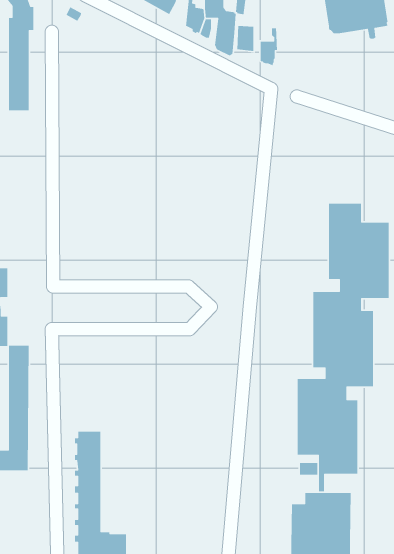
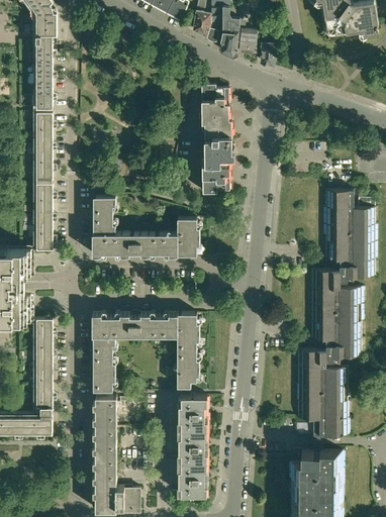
building: none -> [201,85,231,194]
building: none -> [33,112,53,250]
building: none -> [92,197,200,255]
building: none -> [93,313,200,391]
building: none -> [179,396,207,495]

